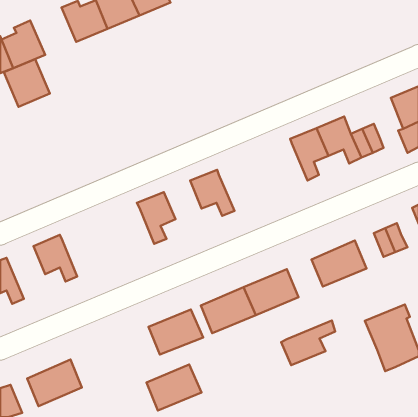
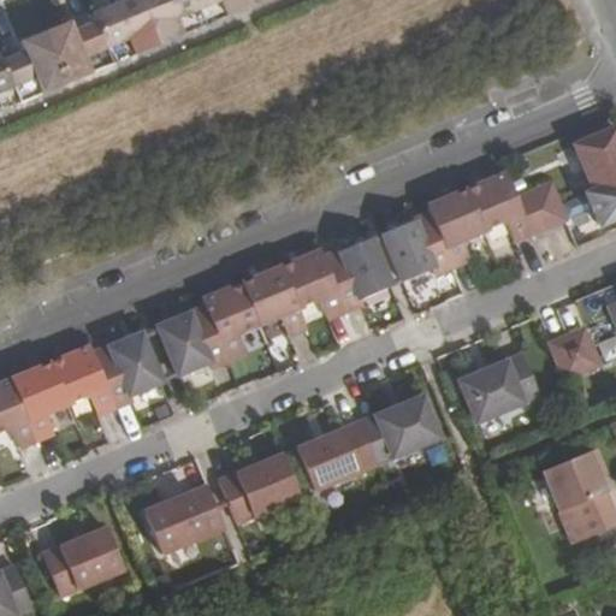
building: [4,59,50,107] -> [46,11,113,81]
building: none -> [381,211,452,279]
building: none -> [322,236,391,309]
building: none -> [242,265,306,333]
building: none -> [158,304,227,373]
building: none -> [93,332,160,405]
building: none -> [11,361,67,438]
building: [281,321,335,365] -> none
building: [146,364,201,410] -> [144,484,225,551]

